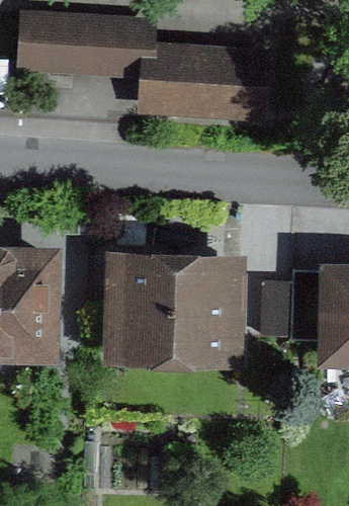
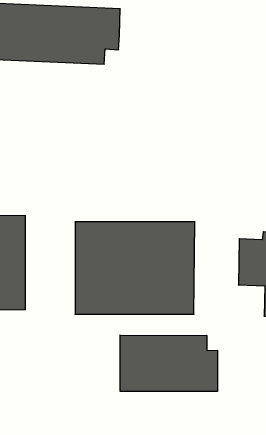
building: [141,46,264,115] -> none
building: none -> [120,335,218,391]

